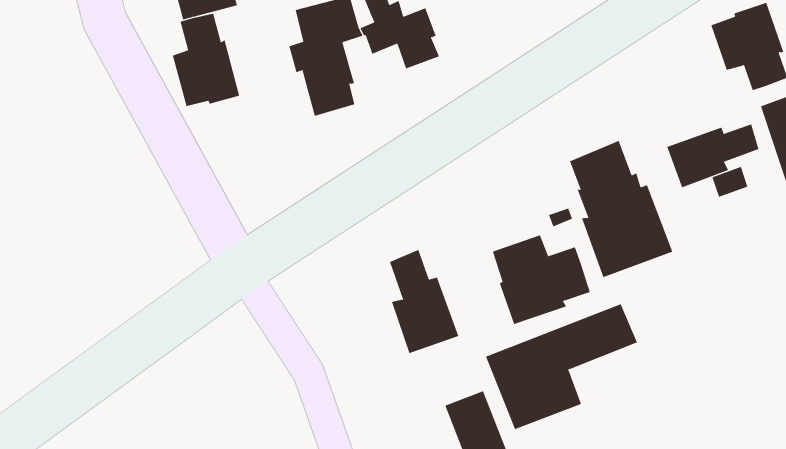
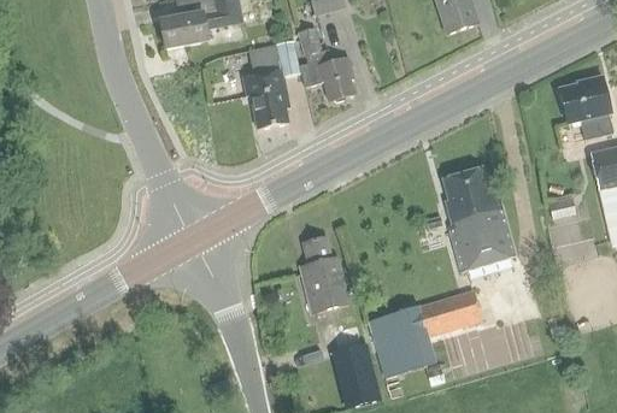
building: [172,13,240,107] -> none
building: [667,124,759,188] -> none
building: [492,235,590,325] -> none

